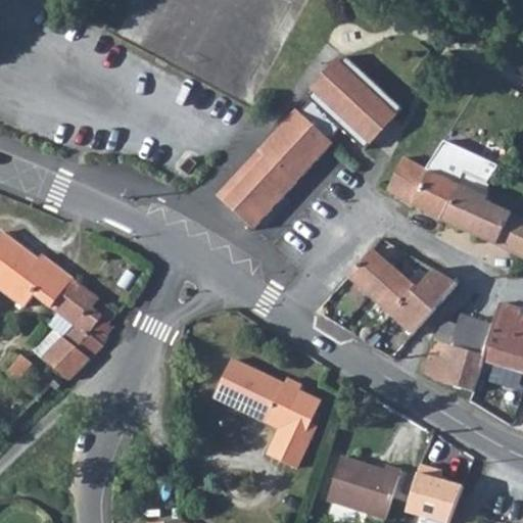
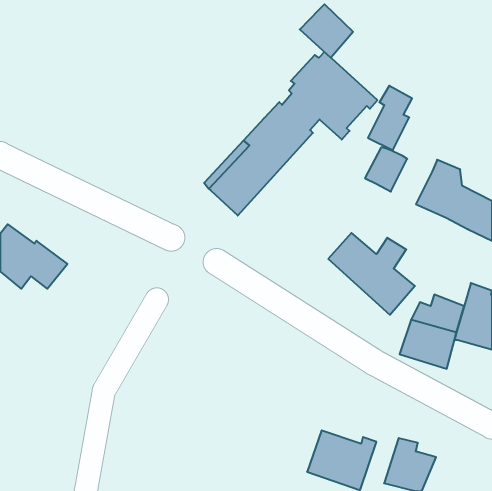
building: none -> [300,4,353,58]
building: [415,148,462,217] -> [368,86,412,150]
building: [418,265,459,303] -> none
building: [41,280,116,378] -> none
building: [212,359,317,466] -> none

